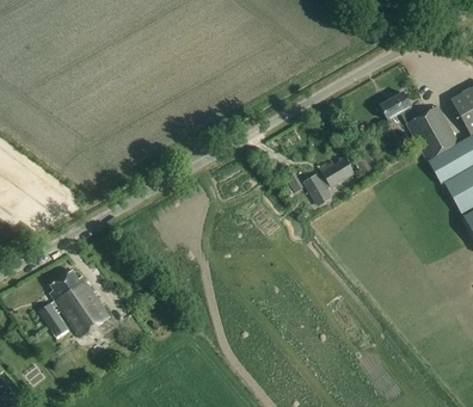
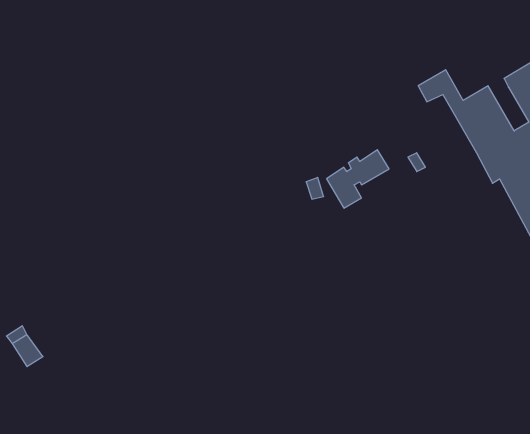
building: [49,270,109,335] -> none

